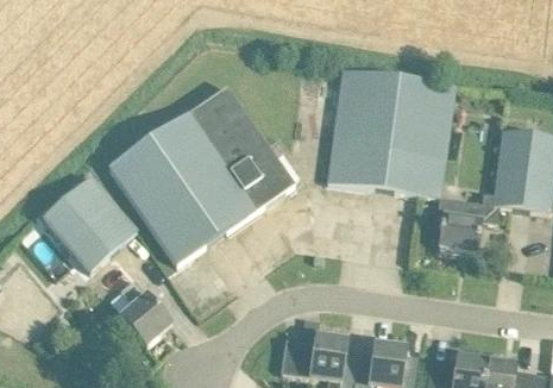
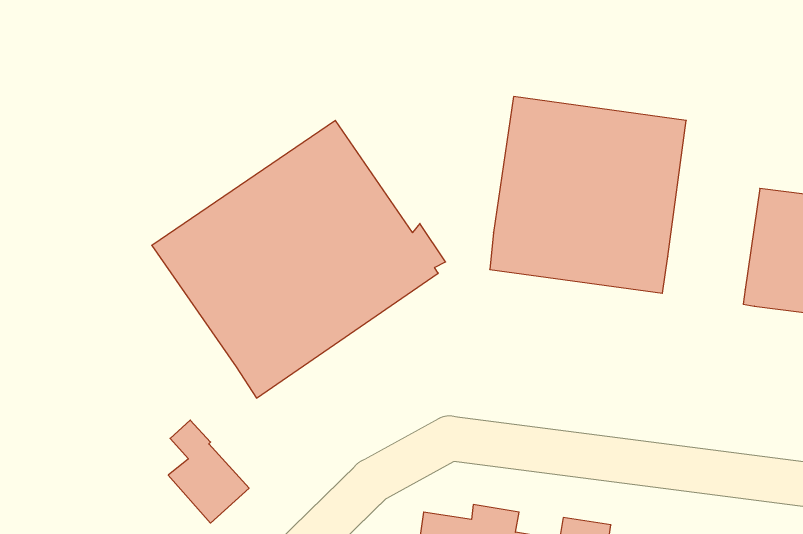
building: [43,177,137,273] -> none
building: [439,194,499,252] -> none

